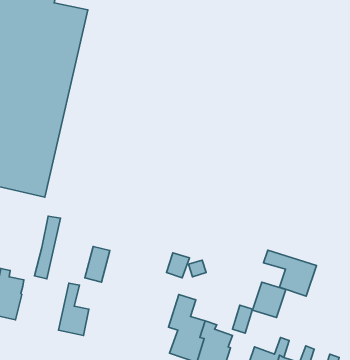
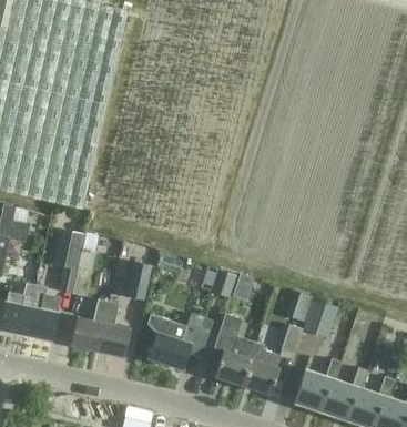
building: none -> [50,244,81,293]
building: [263,250,316,296] -> none
building: none -> [71,298,108,350]
building: none -> [145,313,213,369]

